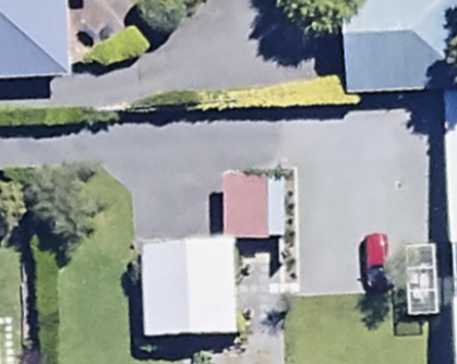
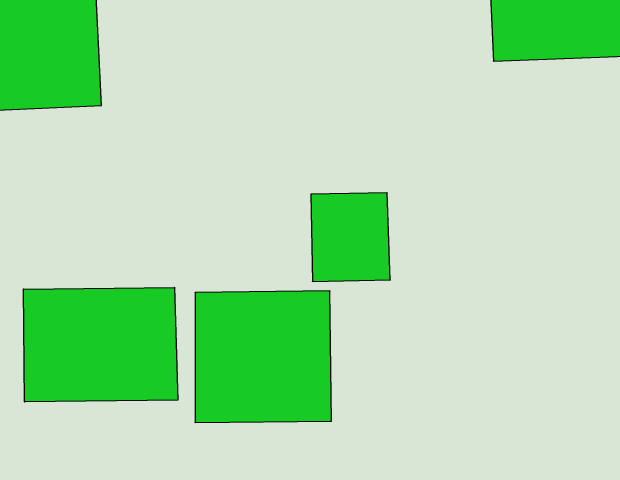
building: none -> [23,287,178,402]

